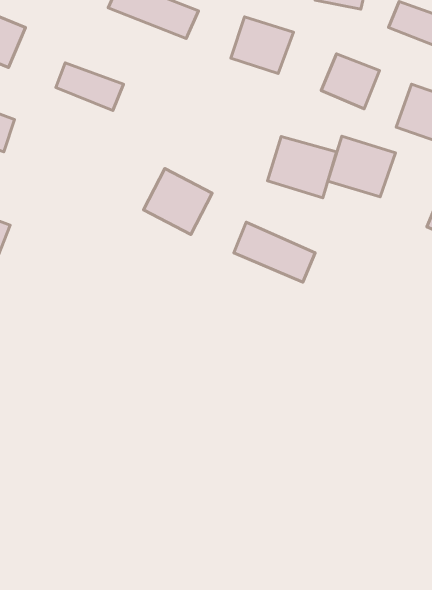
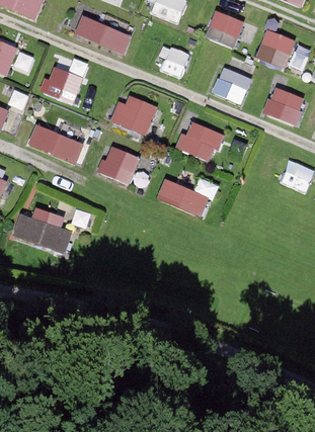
building: none -> [110,96,157,135]
building: [328,136,395,197] -> none
building: none -> [27,124,86,164]
building: none -> [18,211,75,253]

